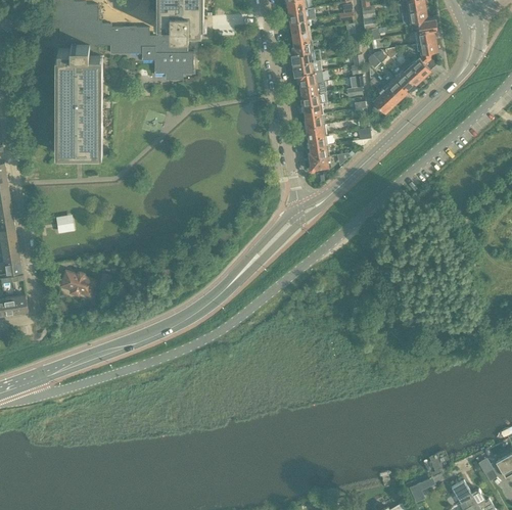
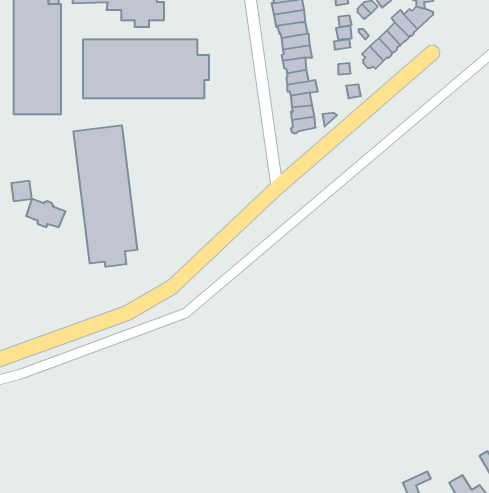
building: none -> [83,39,209,98]
building: none -> [73,125,137,267]
building: [60,271,96,296] -> [26,199,66,227]

